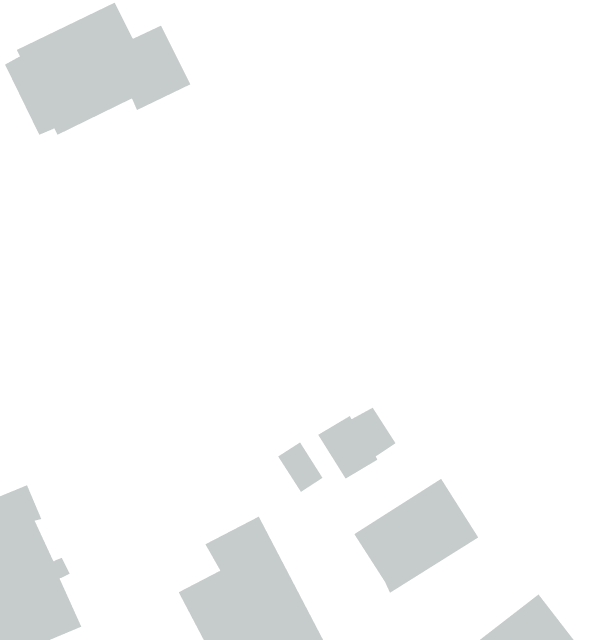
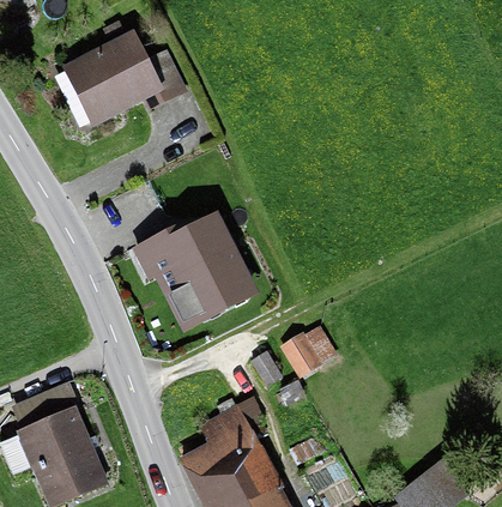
building: none -> [133,213,260,333]
building: [354,478,479,594] -> none

